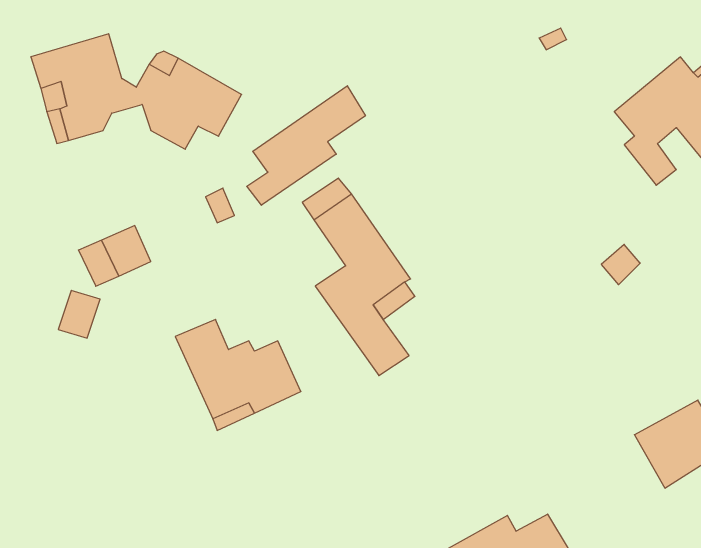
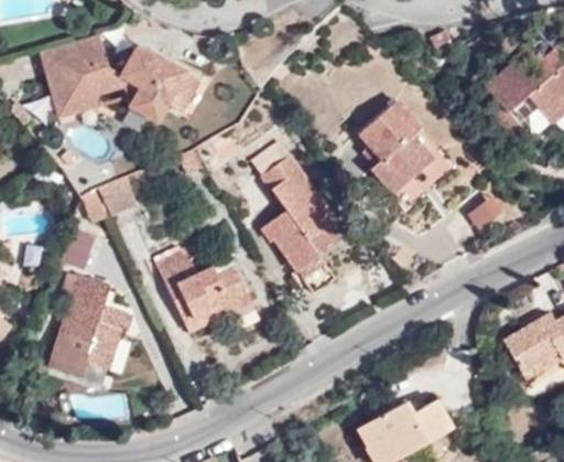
building: [247,86,365,205] -> none
building: none -> [351,98,437,204]
building: none -> [43,276,130,379]

